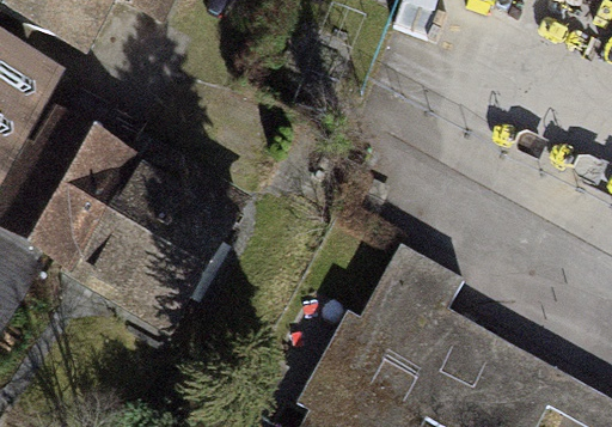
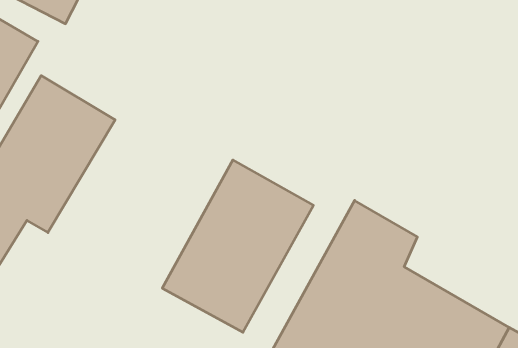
building: [79,144,243,330] -> [162,160,313,332]

